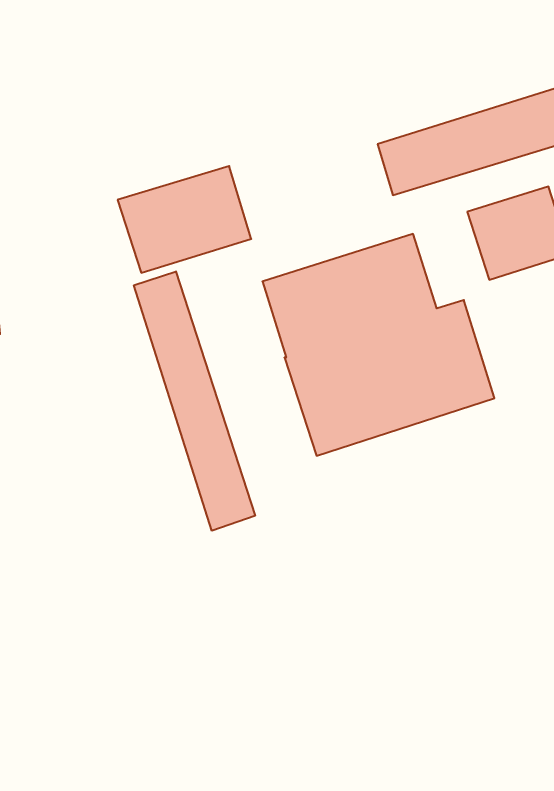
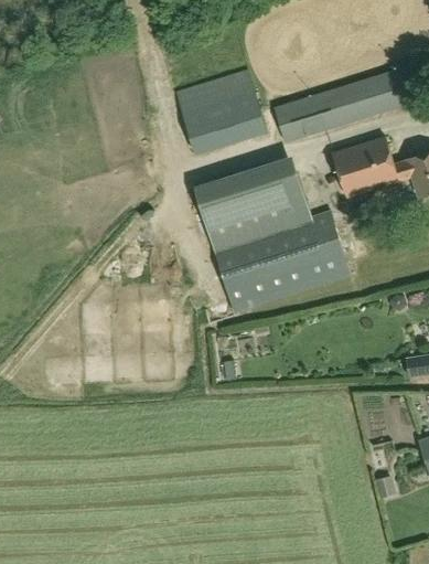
building: [118,166,251,273] -> [178,83,265,152]
building: [134,271,255,531] -> none

